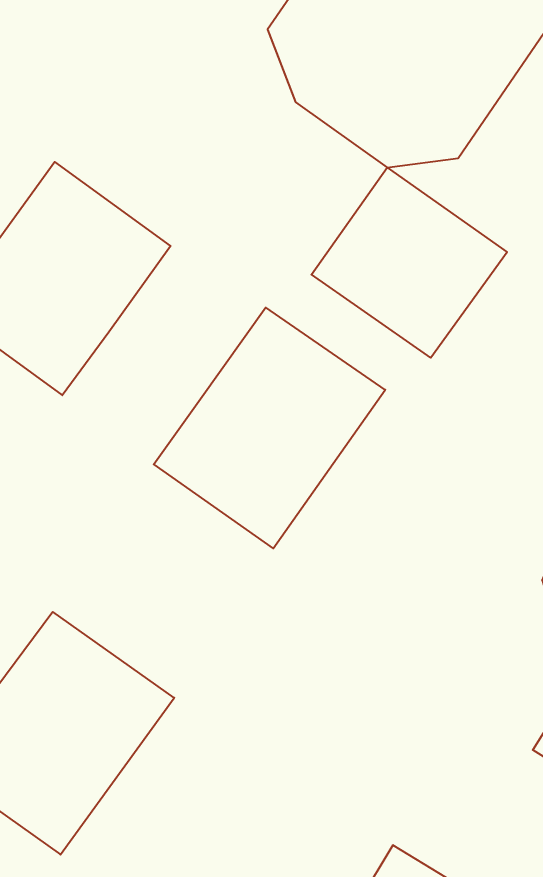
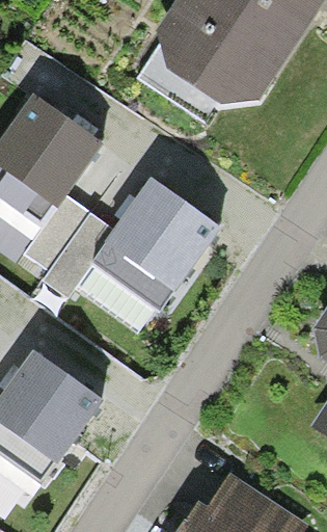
building: [311,168,507,358] -> none
building: none -> [26,194,118,298]

